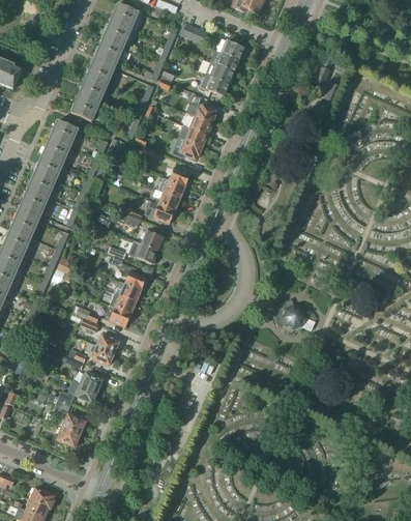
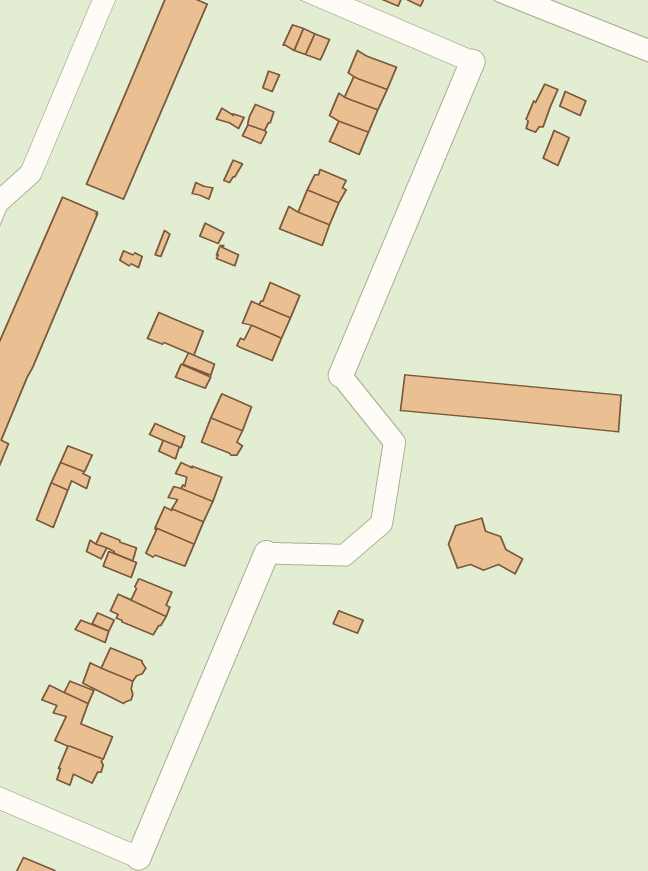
building: [172,137,203,158] -> none
building: [144,200,175,224] -> [148,313,203,355]
building: none -> [401,375,621,432]

